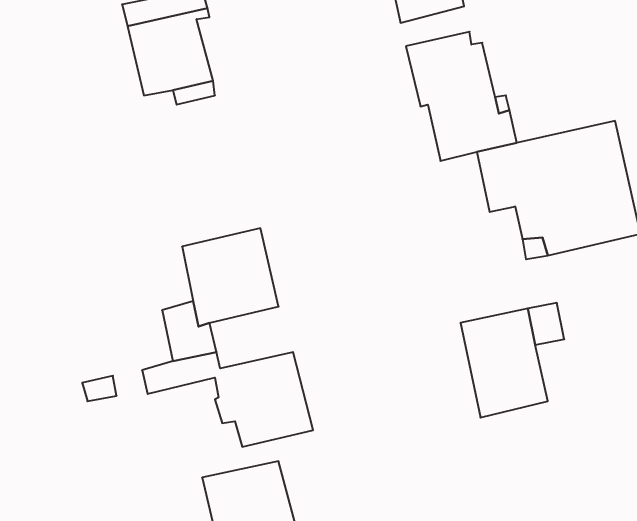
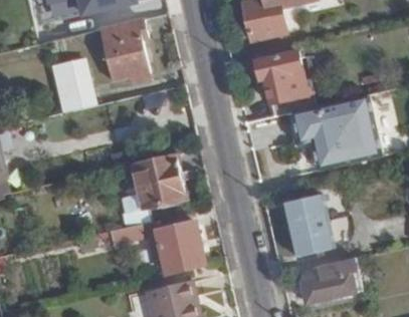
building: none -> [52,58,92,112]
building: none -> [302,274,353,304]

